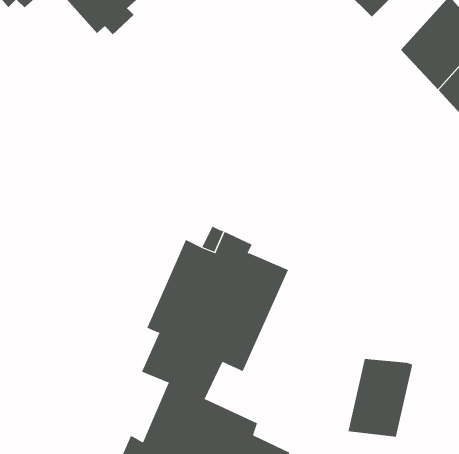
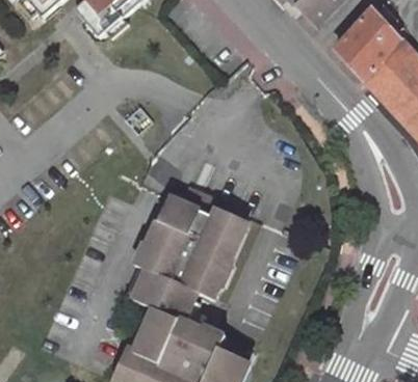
building: [348,358,413,438] -> none

